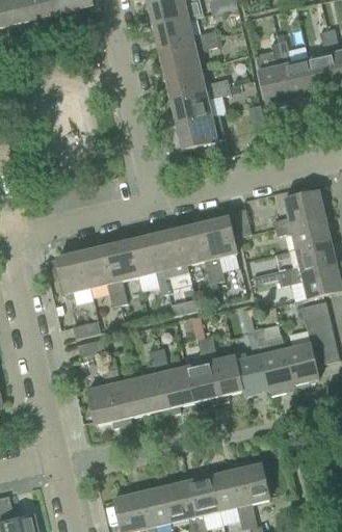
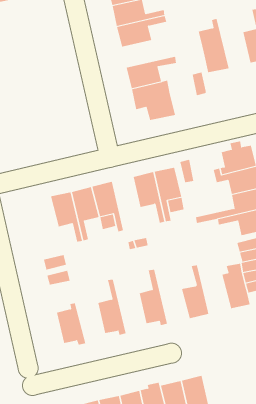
building: [279,38,317,100] -> none
building: [165,66,230,99] -> none
building: [155,228,189,276] -> none
building: [45,250,90,299] -> none
building: [255,326,294,394] -> none
building: [205,335,245,401] -> none
building: [156,346,194,413] -> none
building: [102,367,146,424] -> none

